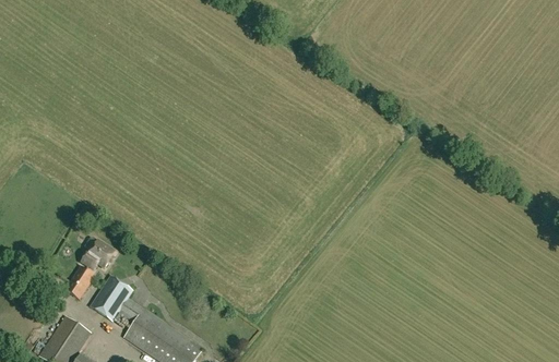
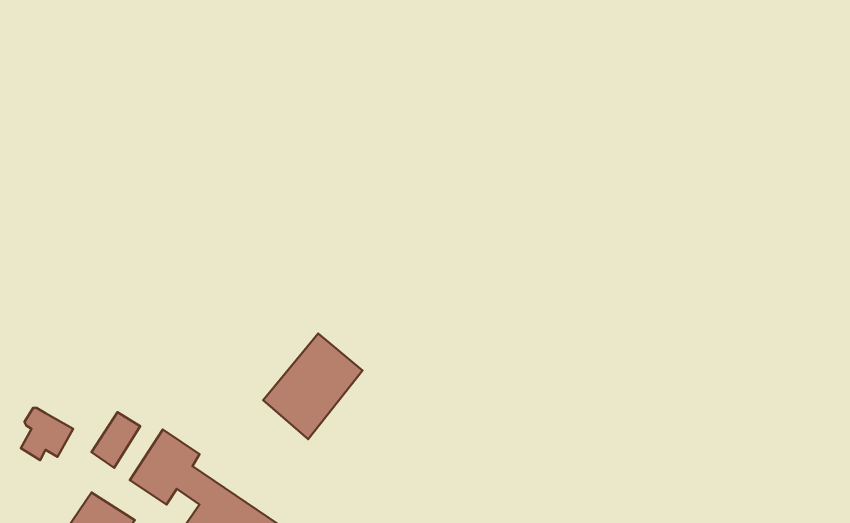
building: none -> [263,333,363,439]
building: [82,237,115,269] -> [21,408,73,460]

